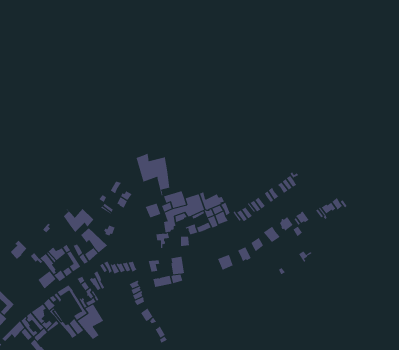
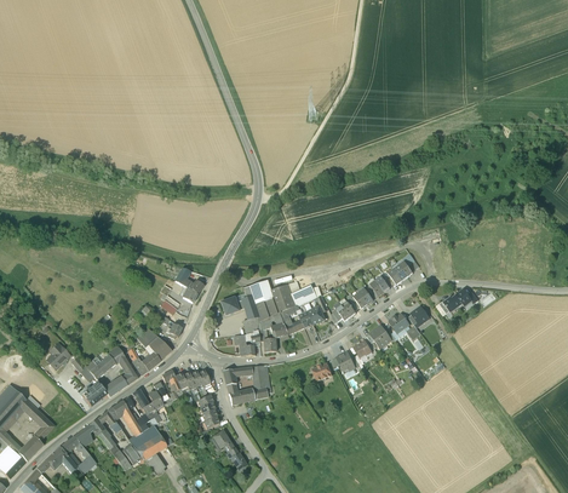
building: [136,153,170,196] -> none
building: [63,208,94,233] -> none

